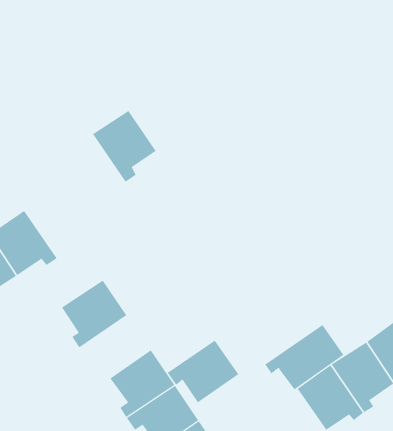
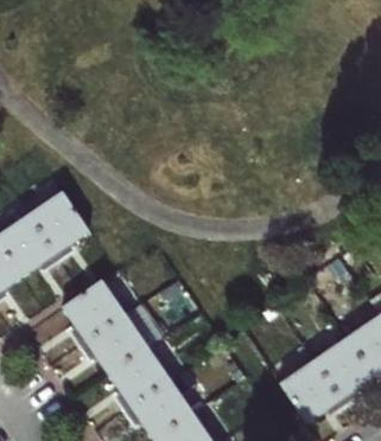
building: [92,110,157,182] -> [27,191,88,258]
building: [264,324,344,390] -> none
building: [167,340,239,403] -> [78,312,146,371]

